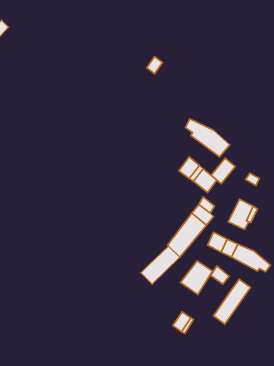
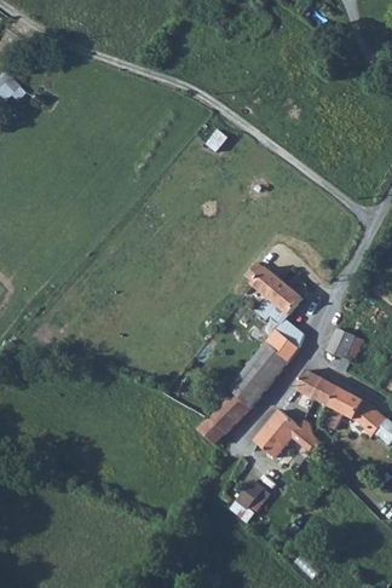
building: [186,119,230,157] -> none
building: [211,158,235,184] -> none
building: [213,279,250,324] -> none

